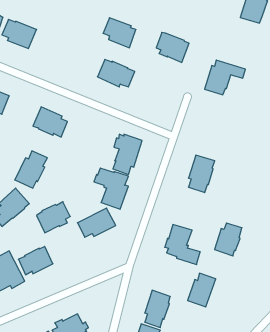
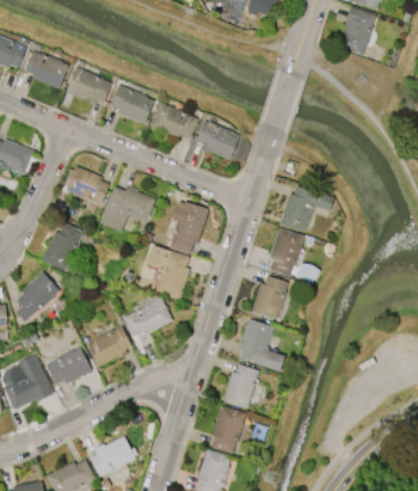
building: [103,18,136,48] -> [110,85,153,124]
building: none -> [66,60,111,105]
building: [156,32,189,62] -> [196,121,239,160]
building: [205,60,245,95] -> [279,186,333,232]
building: none -> [99,186,155,232]
building: [37,202,70,233] -> [87,326,131,367]
building: [215,223,242,256] -> [252,276,288,319]
building: [188,273,216,307] -> [222,363,259,407]

